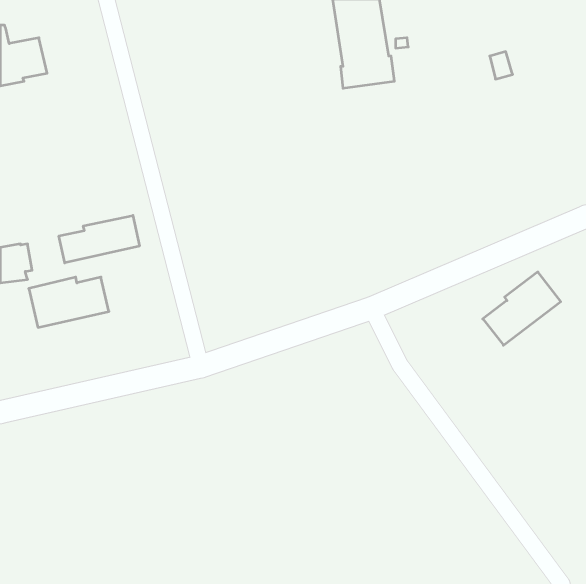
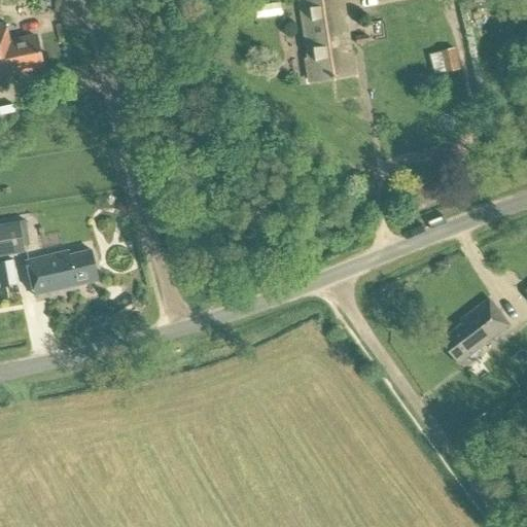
building: [59,215,139,263] -> none
building: [483,272,561,345] -> [438,297,508,363]

